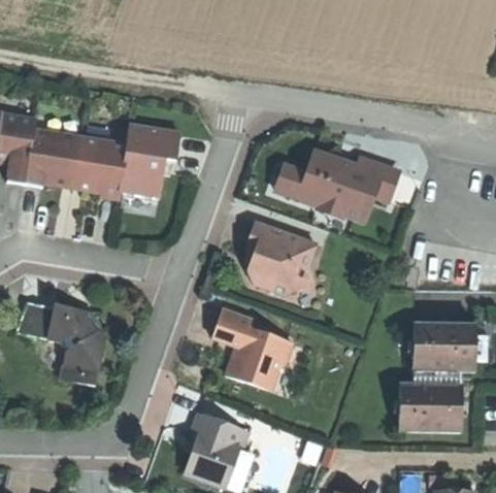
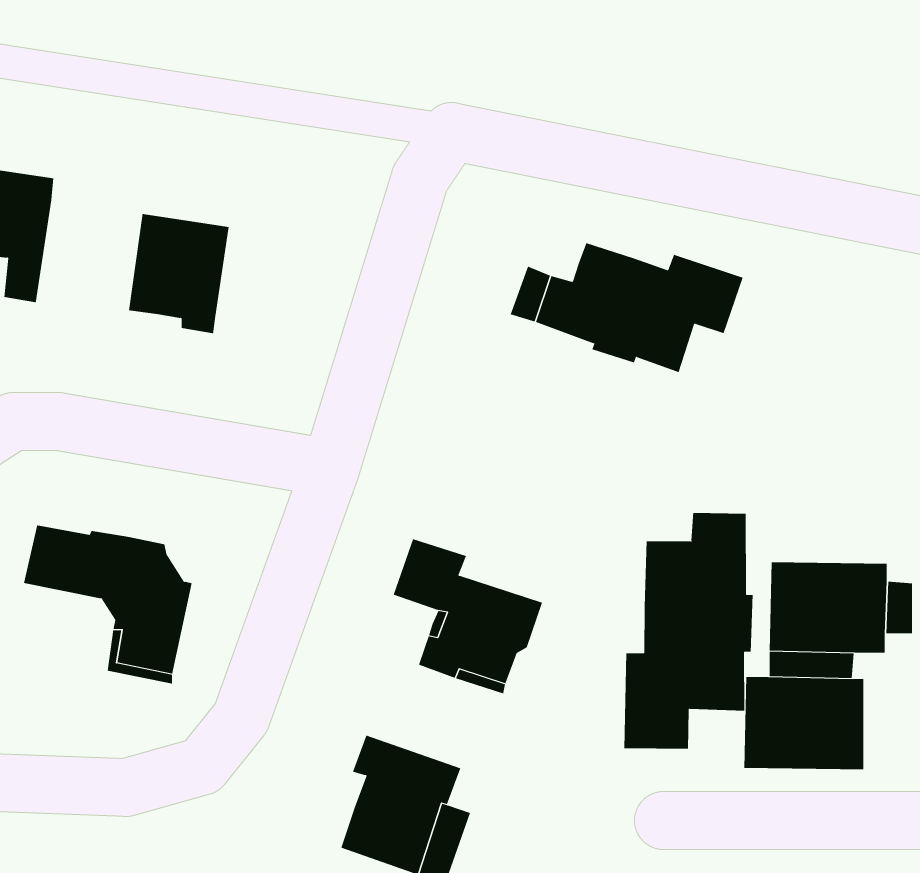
building: [119,124,179,198] -> none
building: [24,129,79,188] -> none
building: [245,222,316,290] -> none
building: none -> [624,512,753,749]

